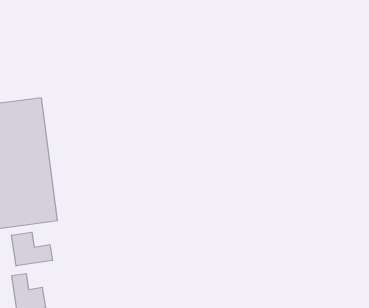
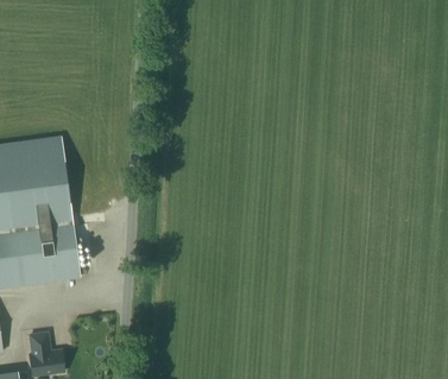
building: [12,232,52,266] -> none

